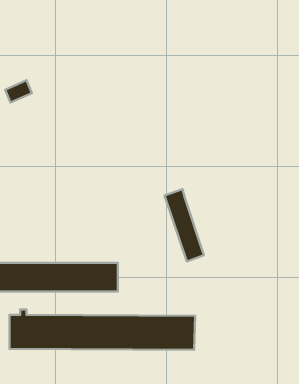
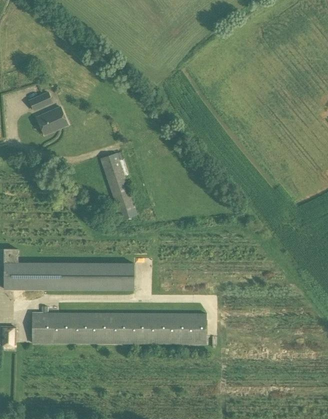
building: none -> [36,107,68,135]
building: [165,189,204,261] -> [100,153,137,221]

